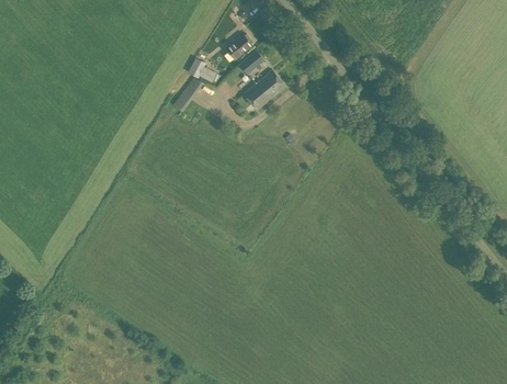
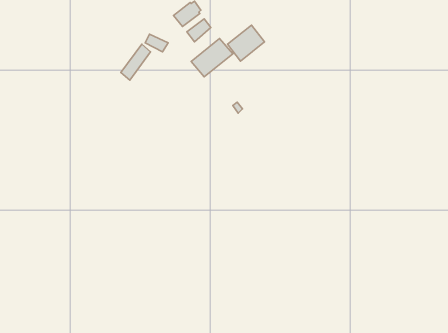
building: none -> [228,25,264,61]

